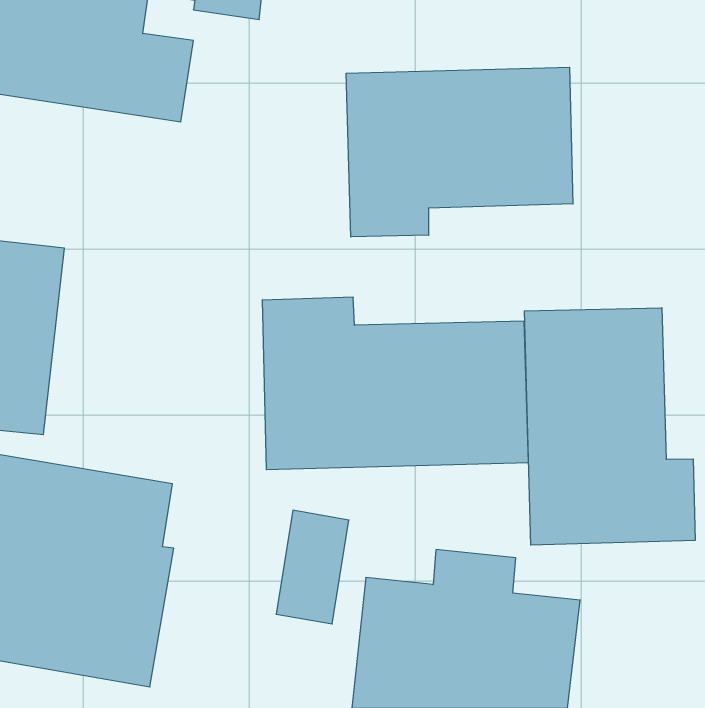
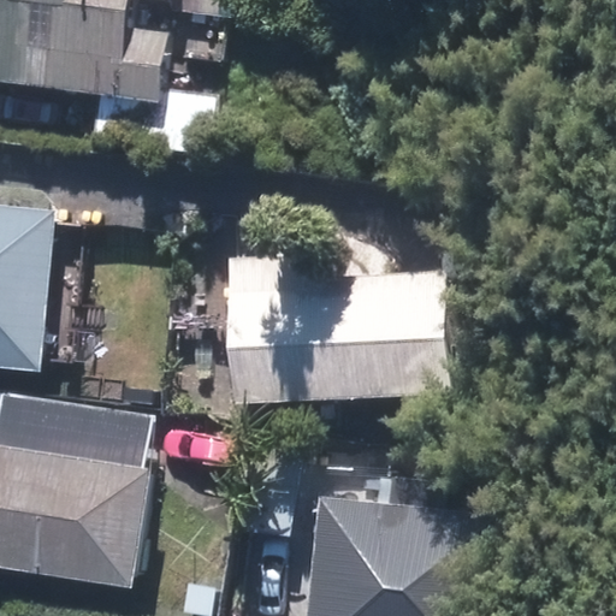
building: [346,67,573,237] -> none
building: [524,308,695,545] -> none

